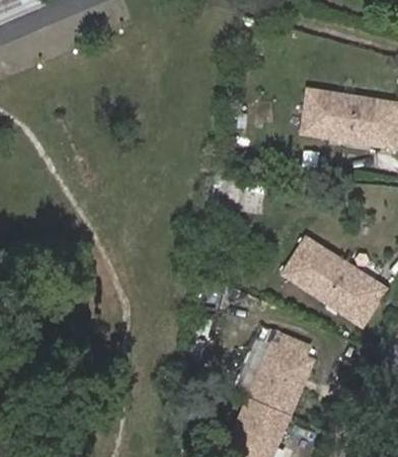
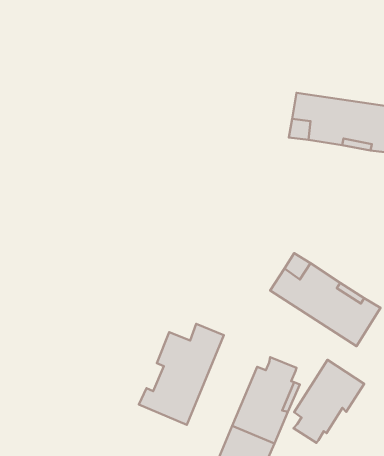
building: none -> [139,324,224,425]
building: none -> [294,360,364,443]

